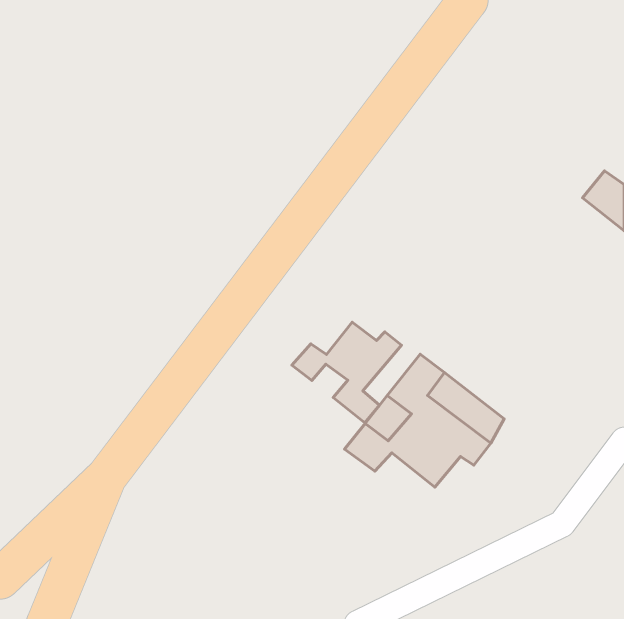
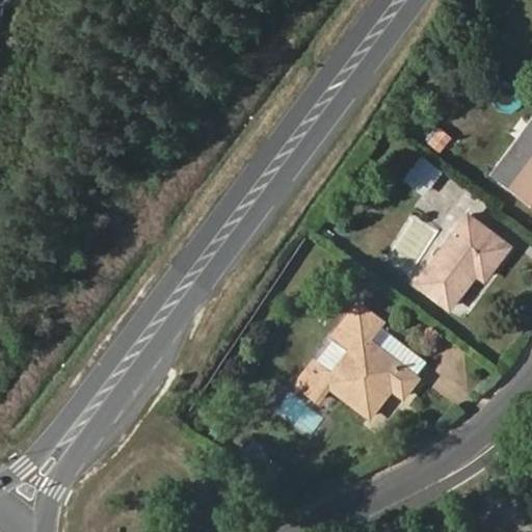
building: none -> [416,215,510,311]
building: [292,322,401,423] -> none

